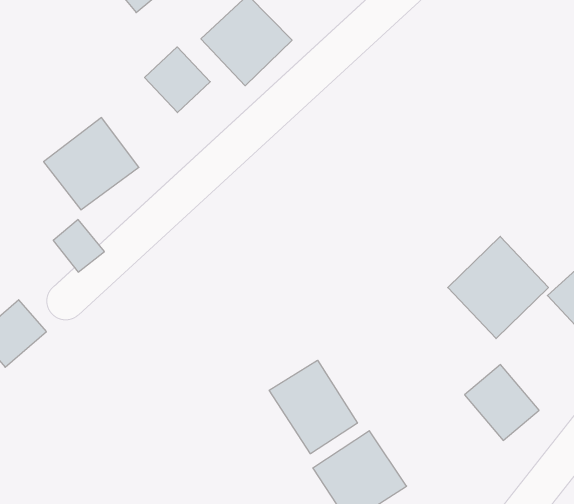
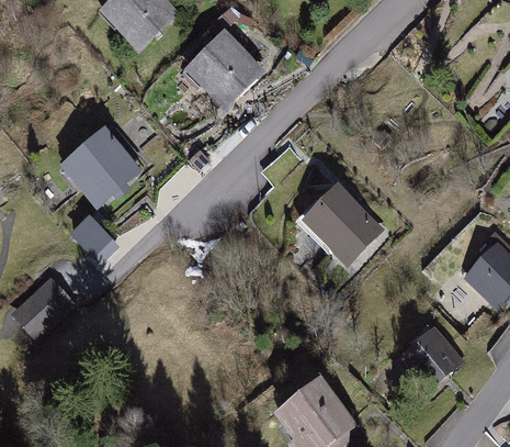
building: [145,47,210,113] -> none
building: [448,236,548,339] -> [302,186,382,267]
building: [269,360,357,454] -> none

